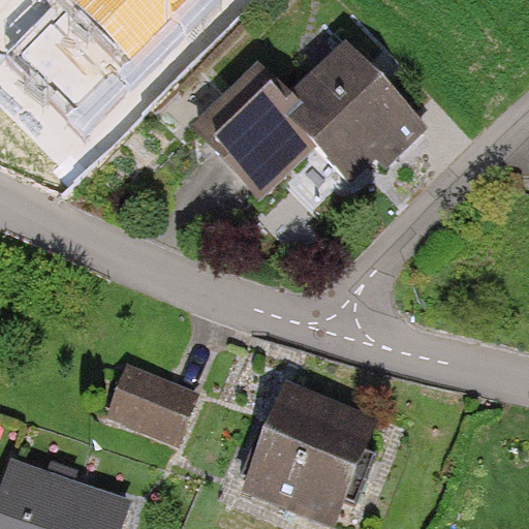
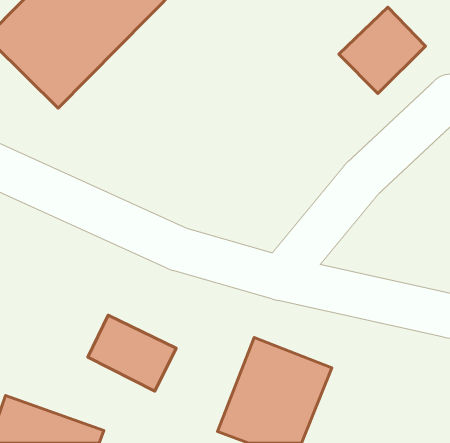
building: none -> [339,7,426,94]
building: [206,46,413,194] -> none

